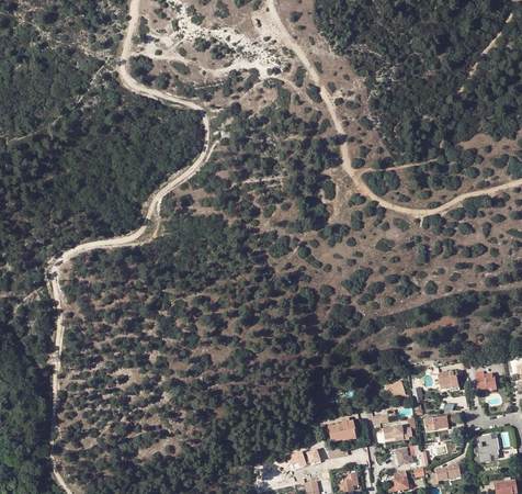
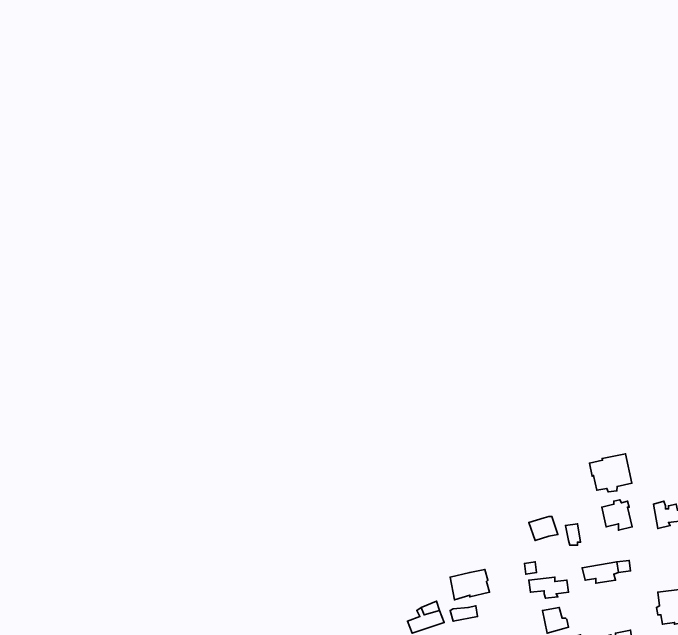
building: none -> [589,454,632,492]

